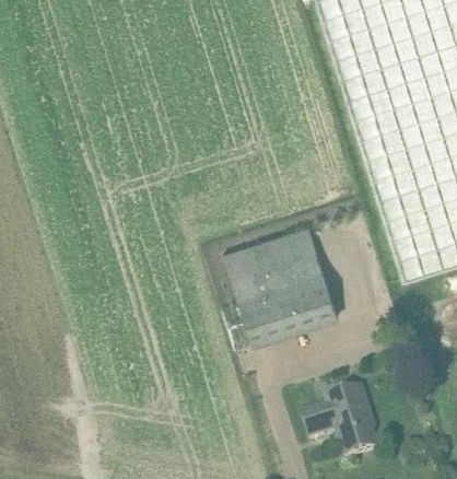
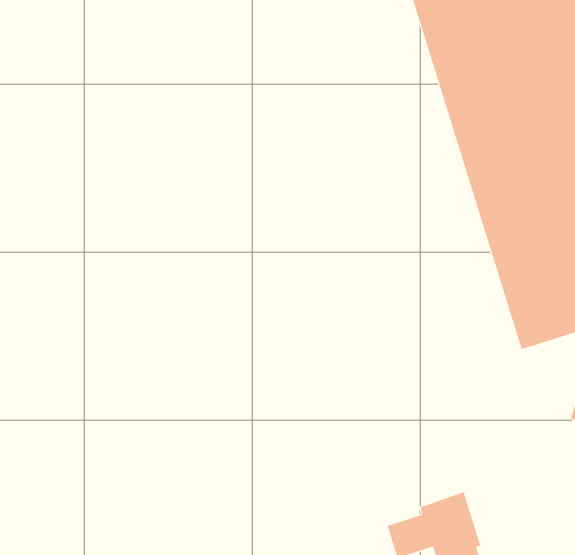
building: [224,229,339,346] -> none

